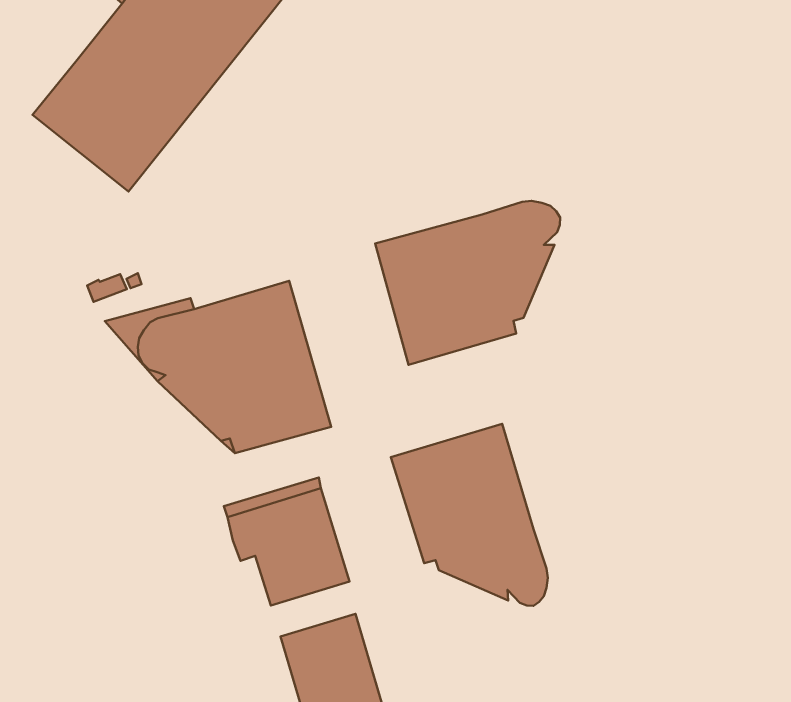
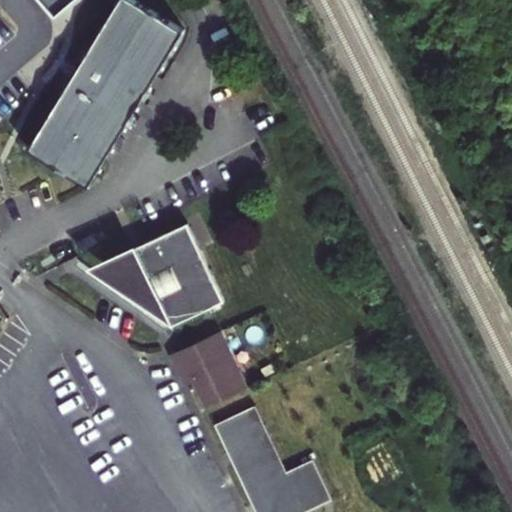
building: [375,201,560,365] -> none
building: [391,424,548,606] -> none

